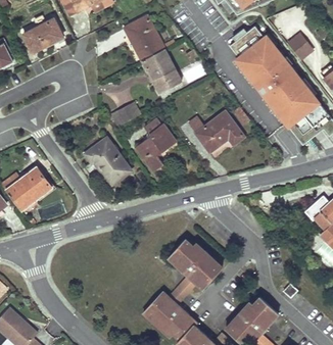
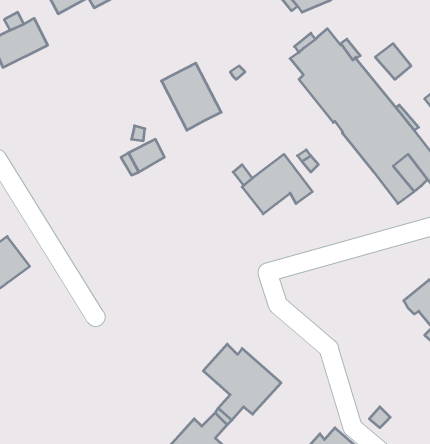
building: [123,16,163,61] -> none
building: [135,119,176,171] -> none
building: [84,138,130,185] -> none

